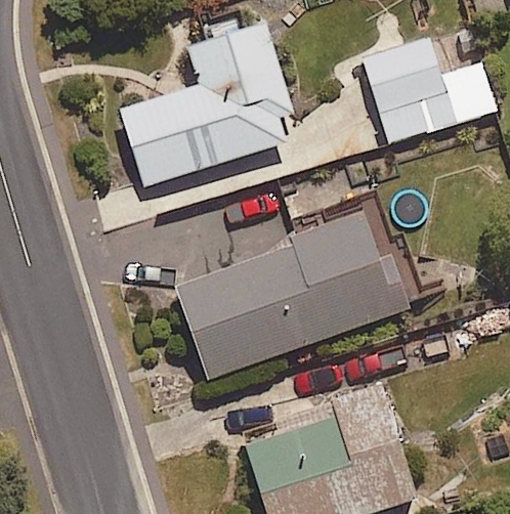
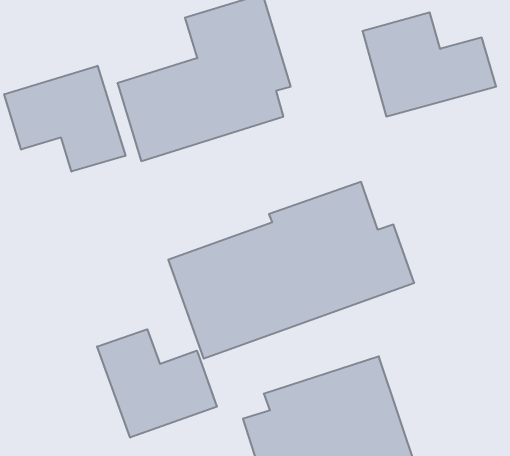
building: none -> [4,66,125,172]
building: none -> [97,329,217,438]

